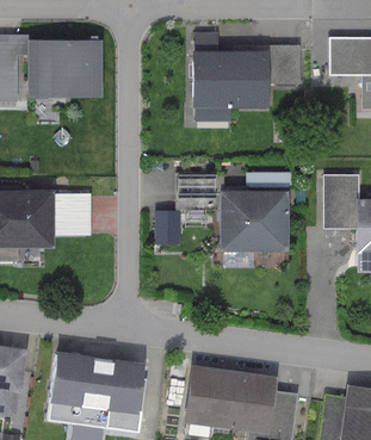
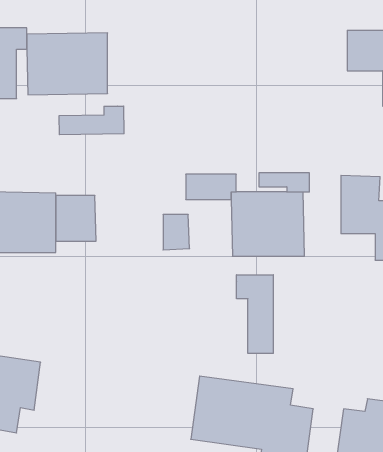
building: [192,31,299,107] -> none
building: none -> [59,106,124,135]
building: none -> [237,275,273,353]
building: [45,351,146,427] -> none

